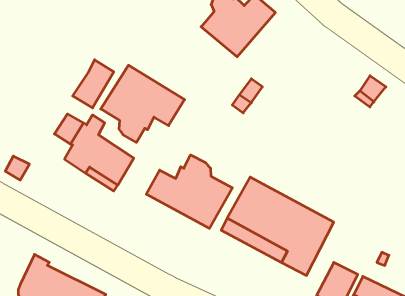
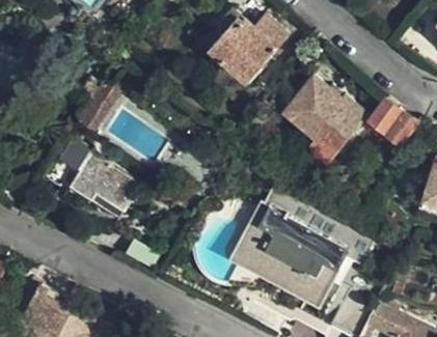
building: none -> [282,78,365,160]
building: [101,65,185,142] -> none
building: [146,155,232,228] -> none

